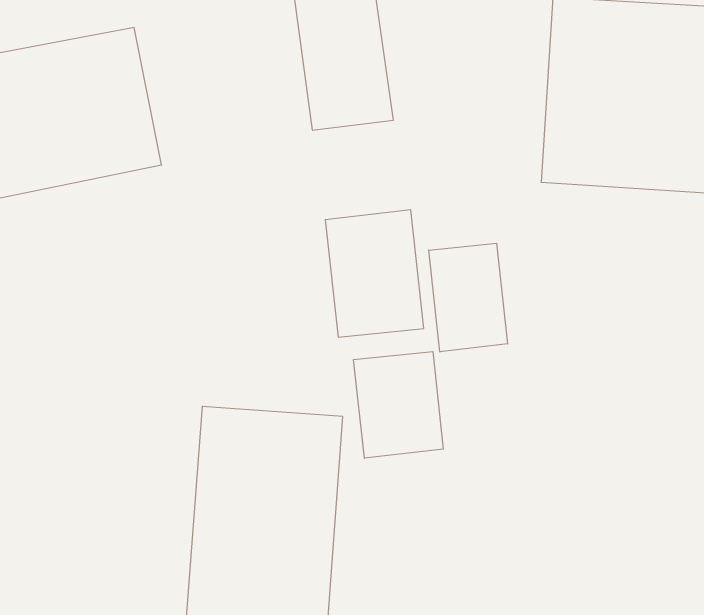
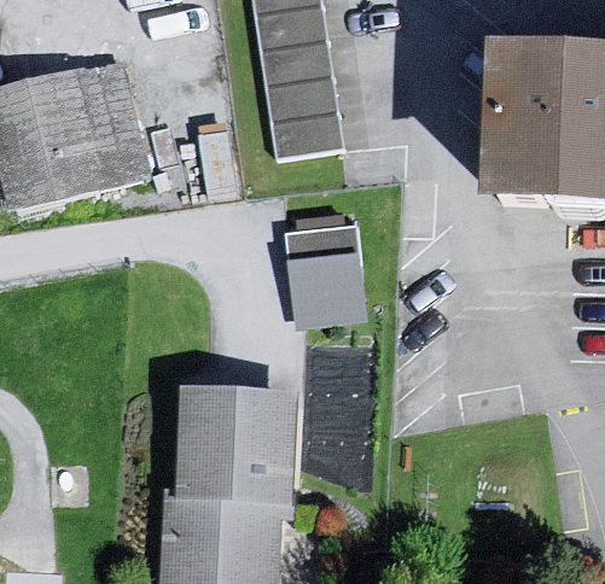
building: [429,243,507,352] -> none
building: [354,352,443,458] -> none

